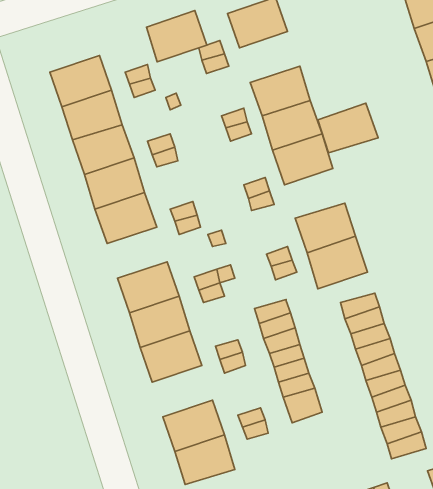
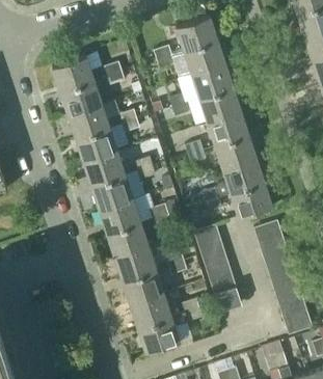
building: [147,10,207,62] -> [183,39,224,75]
building: [318,103,378,153] -> [214,134,255,168]
building: none -> [91,174,133,210]
building: none -> [123,270,164,305]

